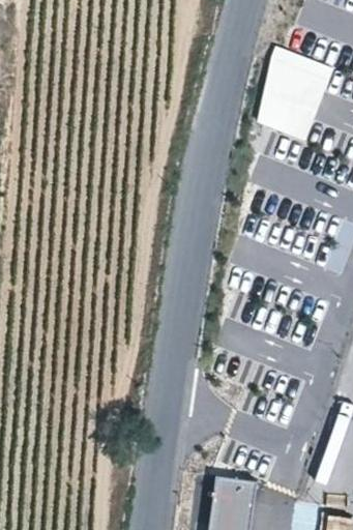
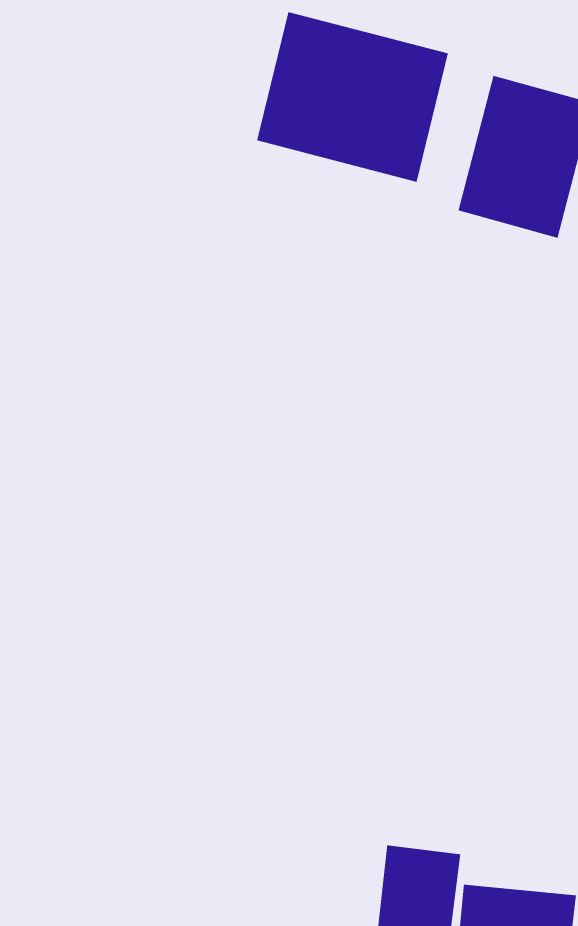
building: none -> [256,11,449,183]

